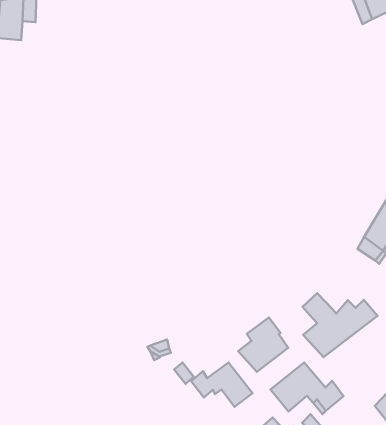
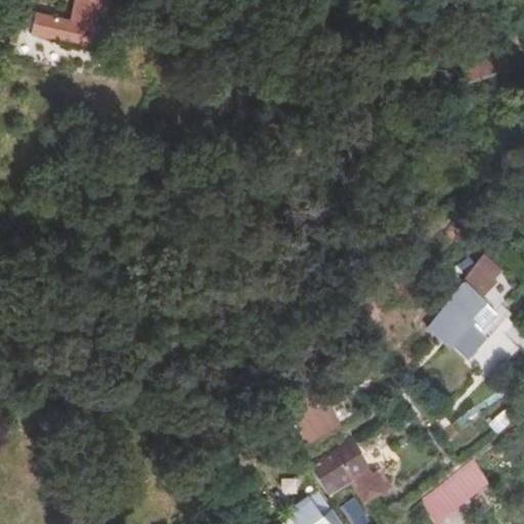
building: [302,293,377,357] -> none
building: [191,362,252,407] -> none

